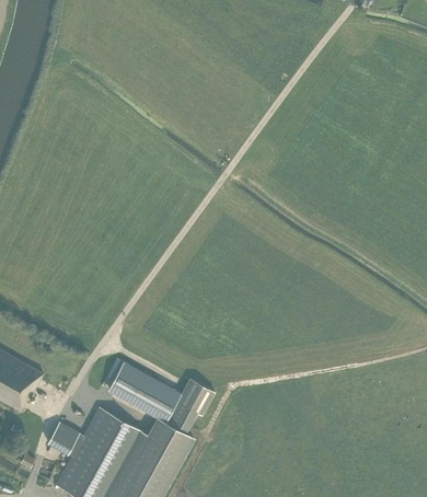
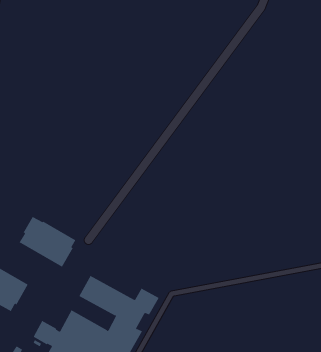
building: none -> [19,216,76,267]

